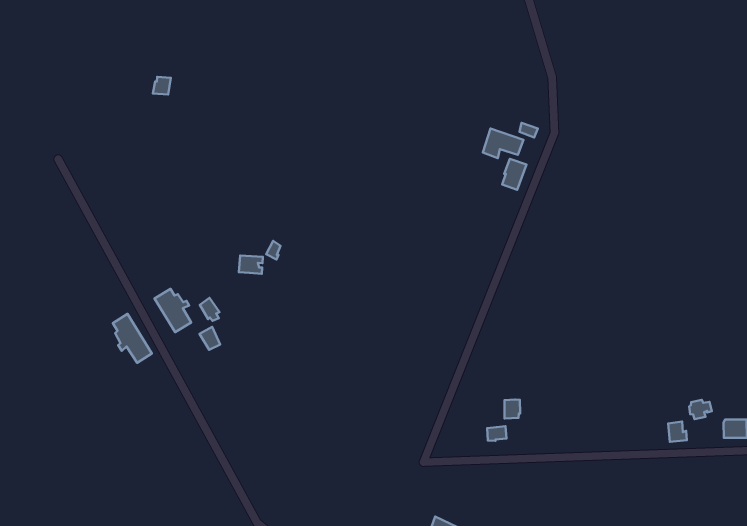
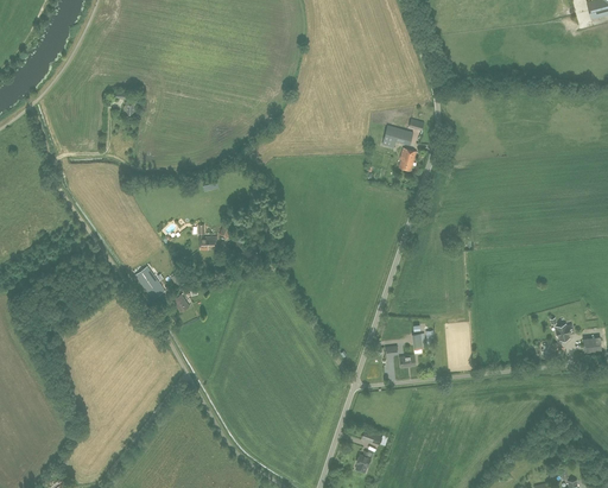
building: [113,314,152,363] -> none

